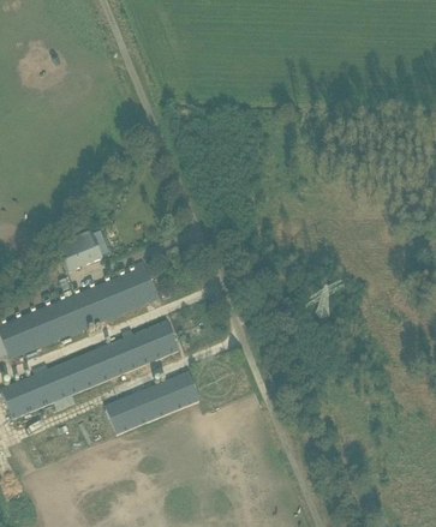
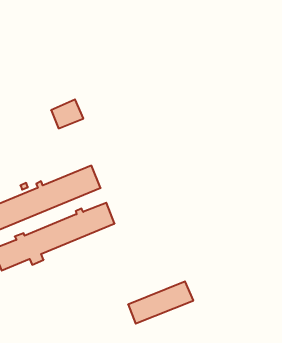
building: [56,229,103,271] -> [51,99,83,128]
building: [106,372,201,433] -> [128,281,193,324]

